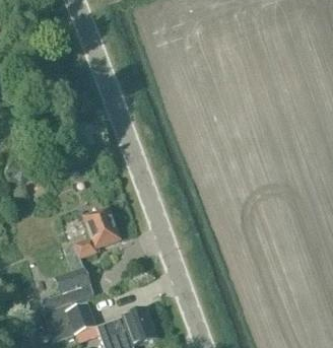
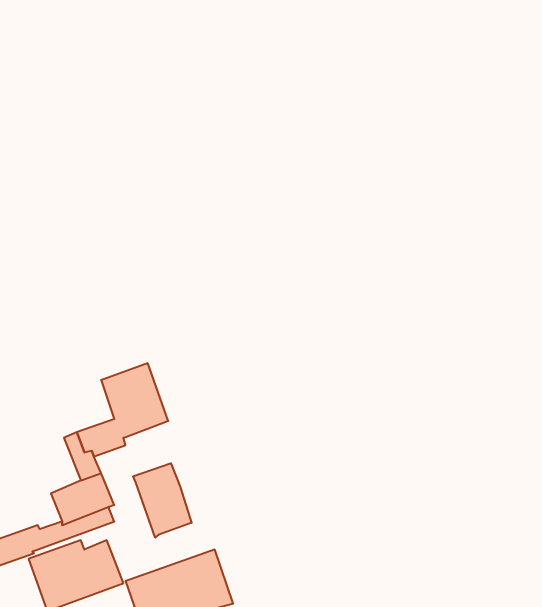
building: none -> [133,463,192,538]

